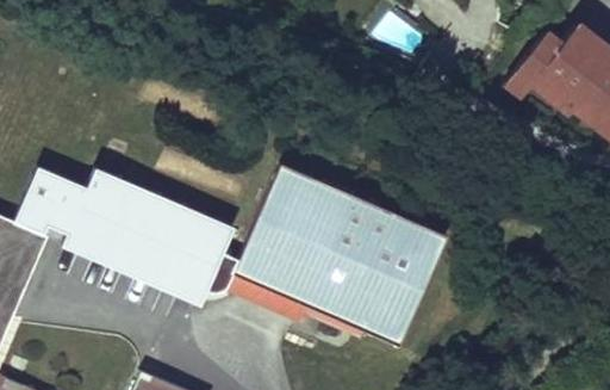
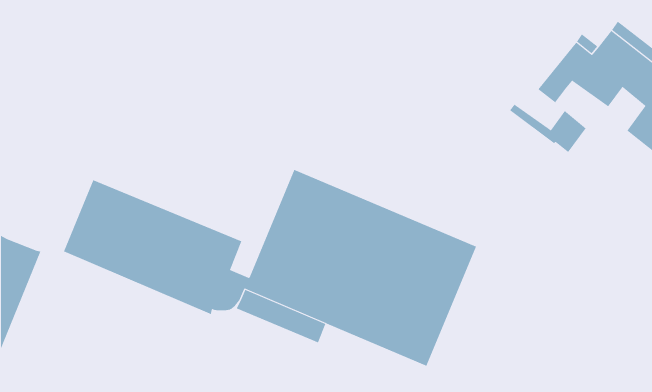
building: [528,79,599,124] -> [509,104,586,153]
building: [11,168,82,236] -> none

